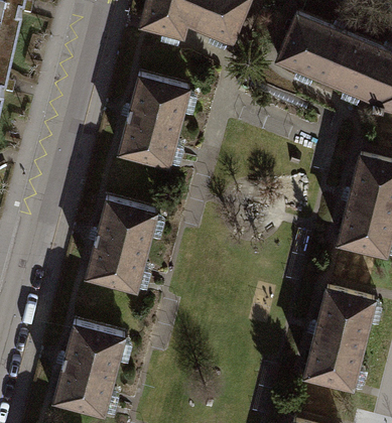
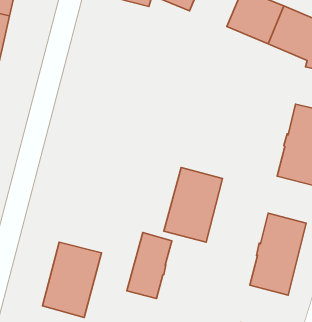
building: [118,76,189,167] -> none
building: [86,199,157,290] -> [164,168,223,242]
building: none -> [127,232,172,299]

